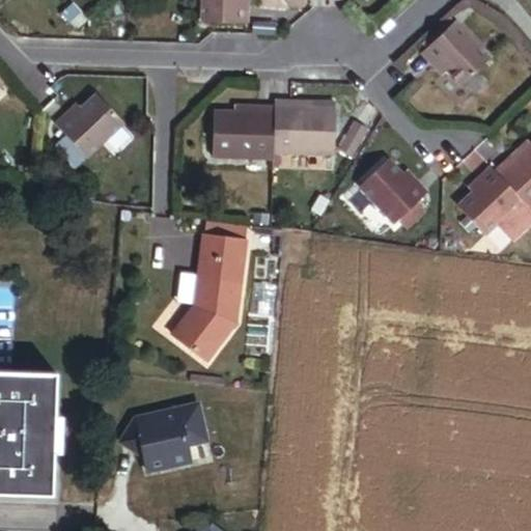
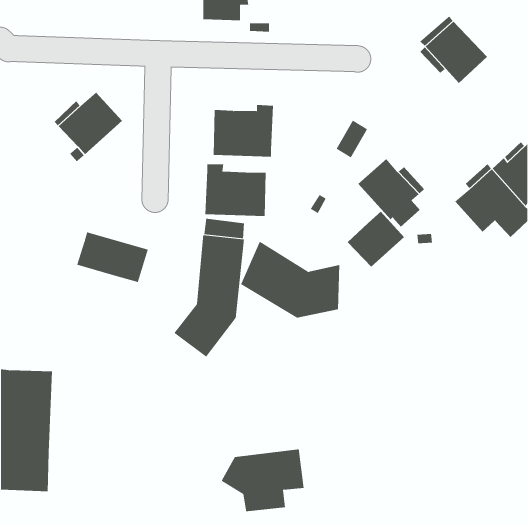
building: [273,100,335,152] -> [205,164,267,217]
building: none -> [347,211,405,267]
building: none -> [76,231,149,283]
building: none -> [240,241,340,318]
building: [121,417,205,480] -> [221,449,305,512]

